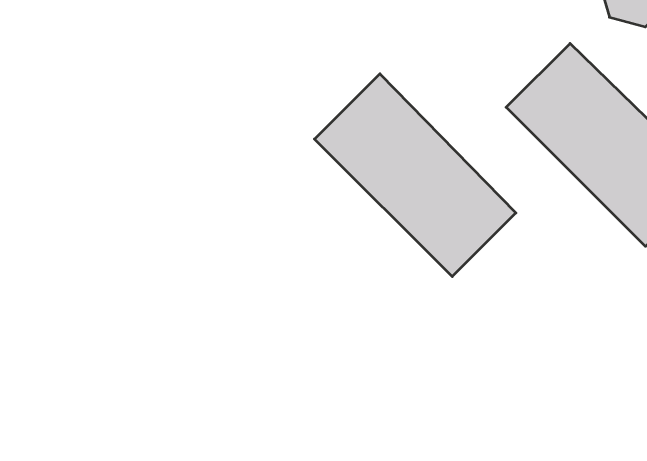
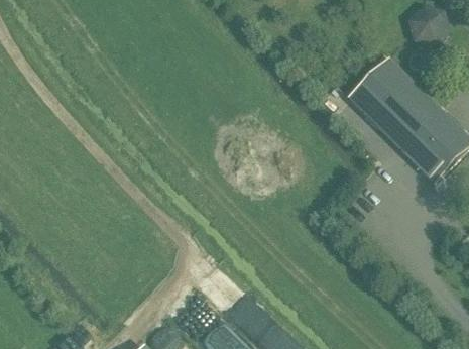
building: [314,74,516,277] -> none

